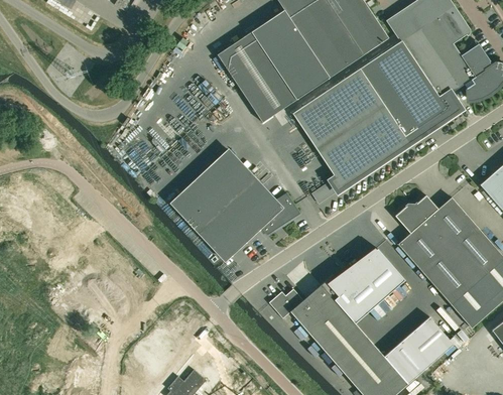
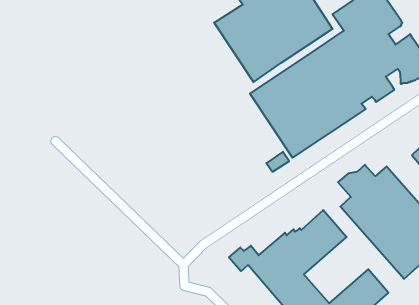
building: [218,31,297,122] -> none
building: [171,149,301,261] -> none

